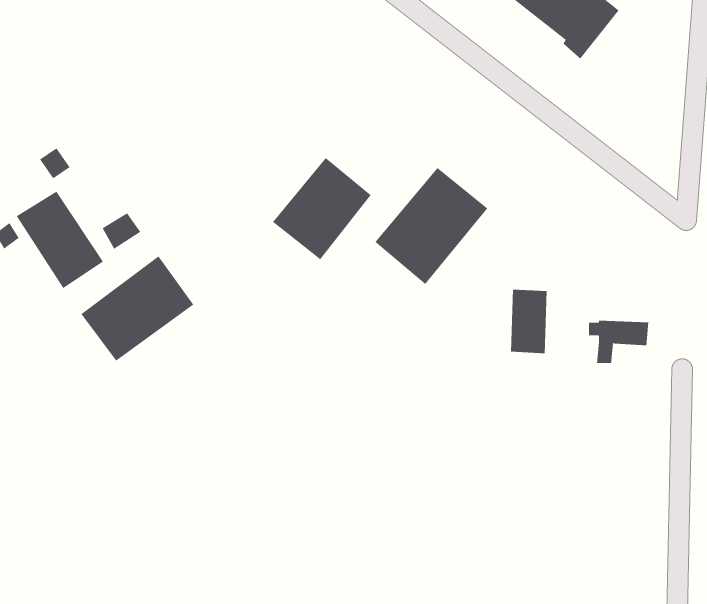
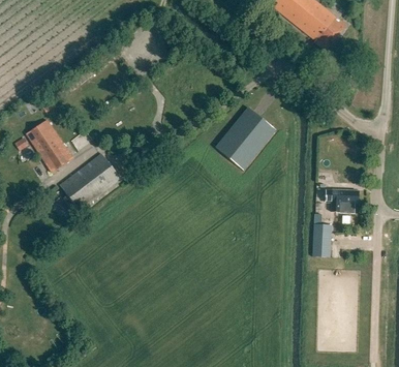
building: [272,157,372,260] -> none
building: [510,289,548,354] -> [312,224,332,258]

